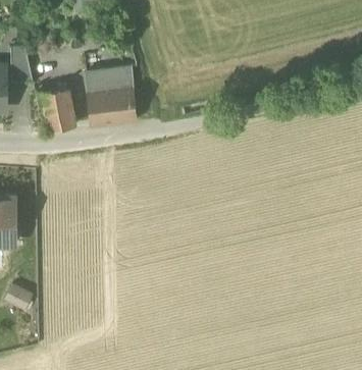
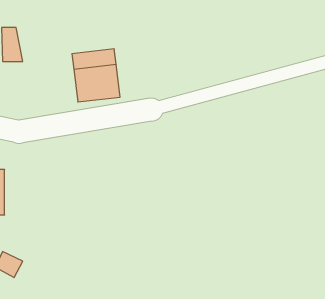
building: [41,89,76,129] -> none

